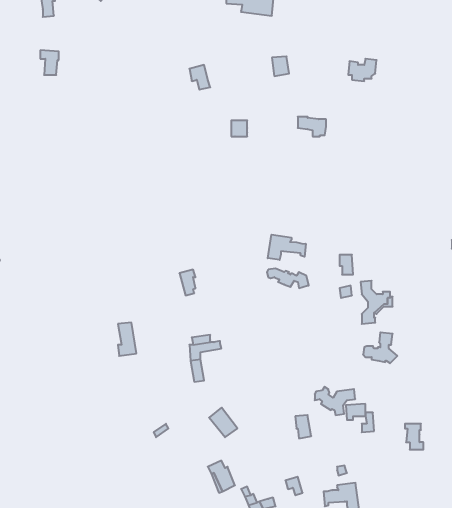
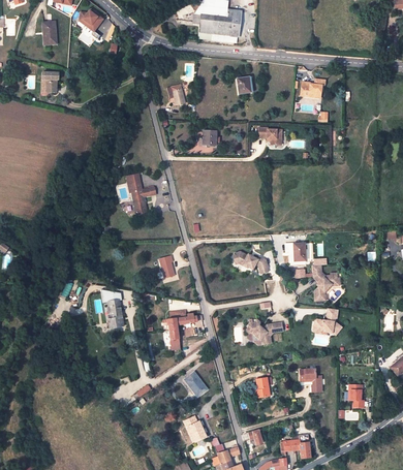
building: none -> [126,175,155,215]
building: [268,235,306,260] -> none
building: [315,387,355,415] -> [248,321,282,345]

